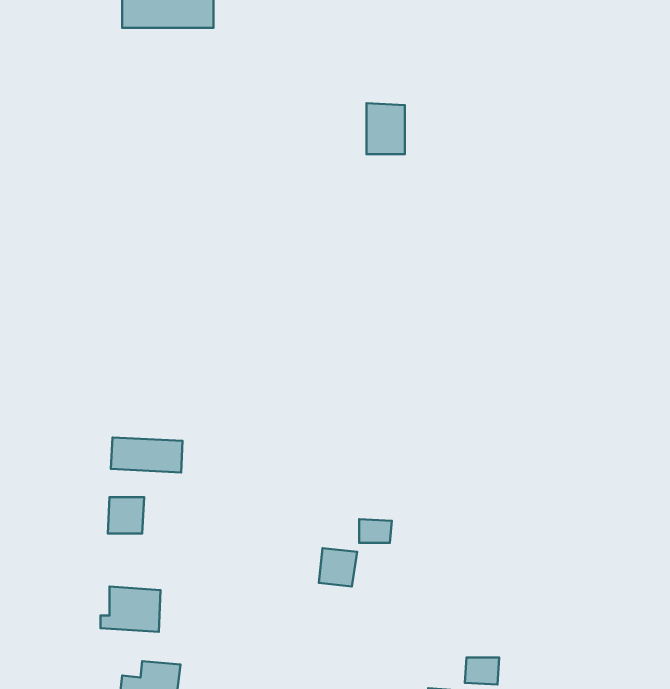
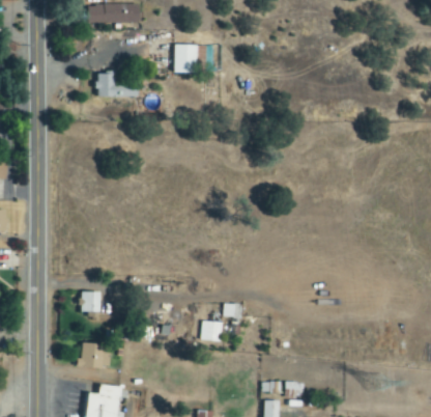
building: [367,103,405,154] -> [175,45,197,74]
building: none -> [98,73,140,98]
building: [111,437,183,472] -> none

